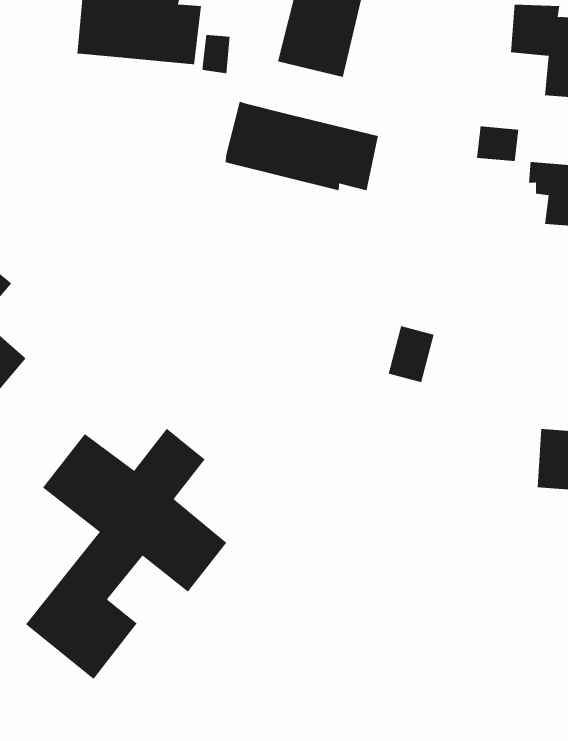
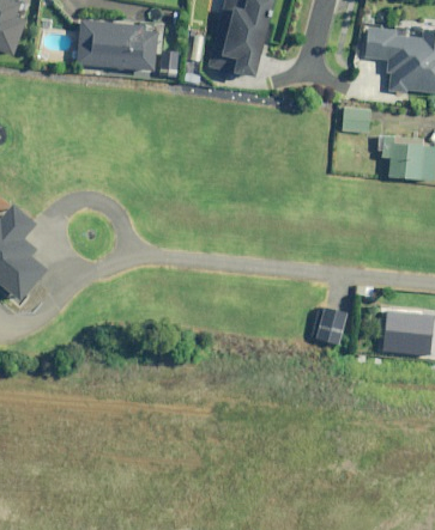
building: [225,101,379,191] -> none
building: [388,326,434,383] -> [315,307,346,346]
building: [25,428,227,680] -> none

